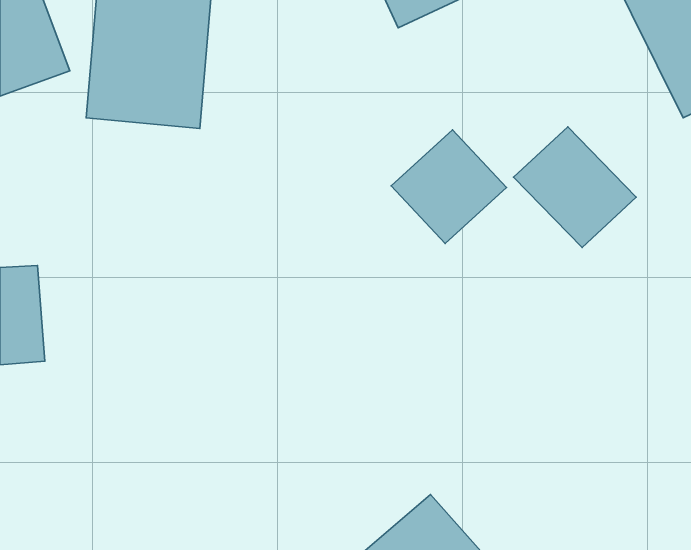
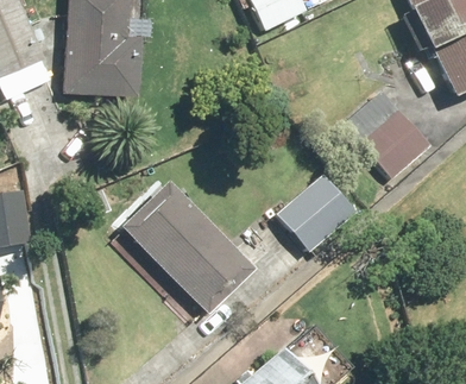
building: [391,130,507,243] -> [276,178,352,253]
building: none -> [120,182,253,311]

